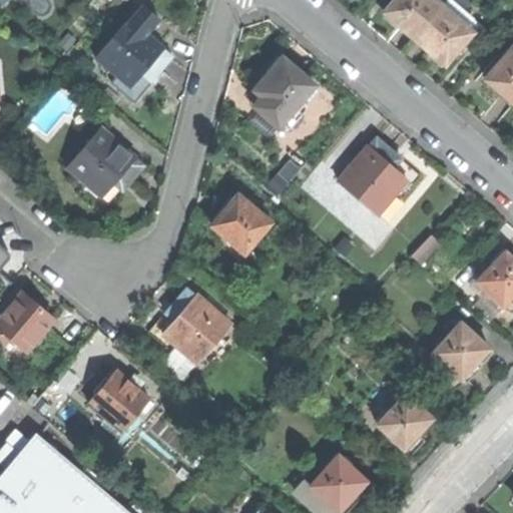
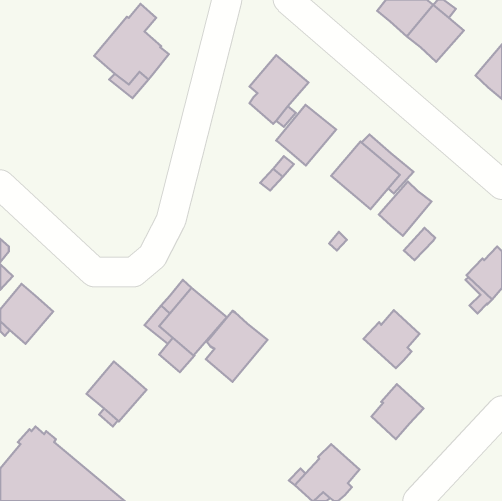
building: none -> [276,105,336,165]
building: [67,126,145,209] -> none
building: none -> [379,181,432,236]
building: [212,194,271,260] -> none
building: none -> [206,311,268,382]
building: [432,323,489,382] -> [363,310,419,368]

